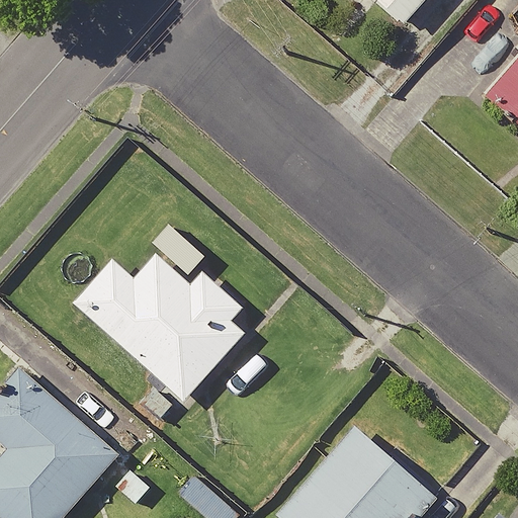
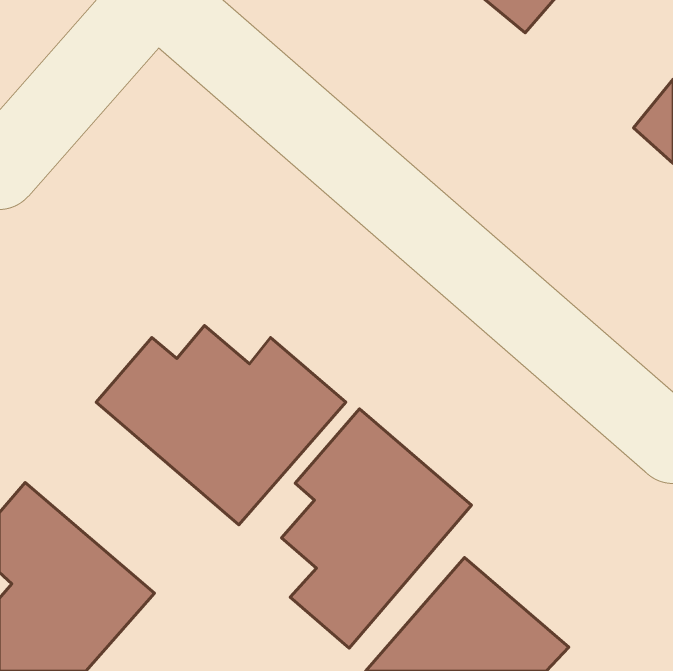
building: none -> [282,409,472,648]

